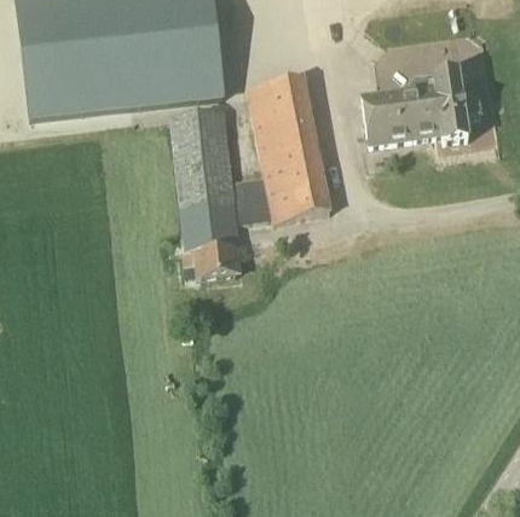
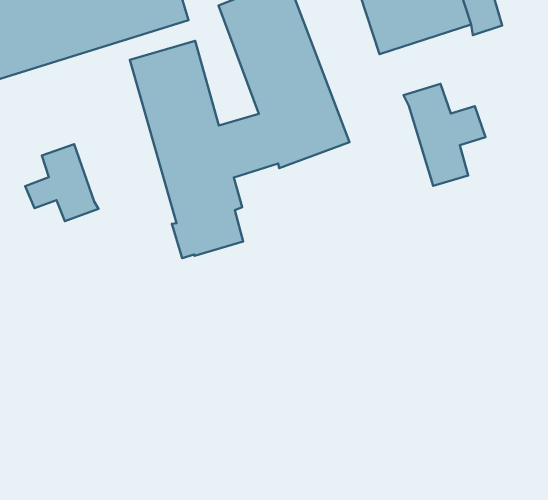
building: none -> [25,144,99,221]
building: none -> [404,84,486,186]

